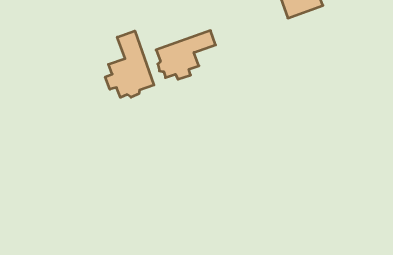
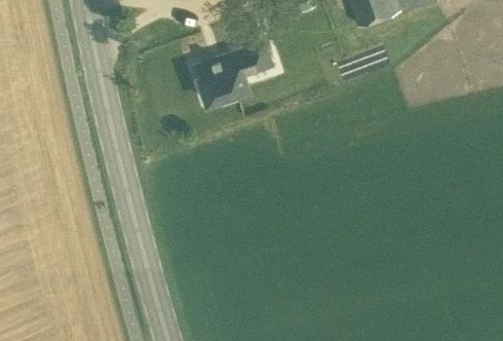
building: [105,31,154,97] -> none

